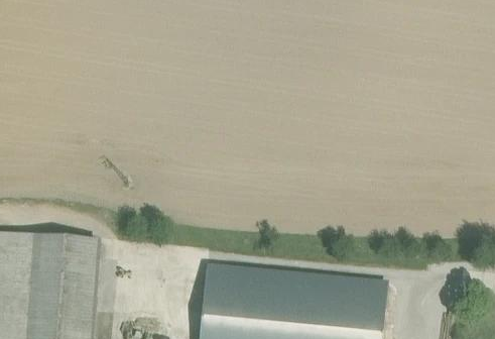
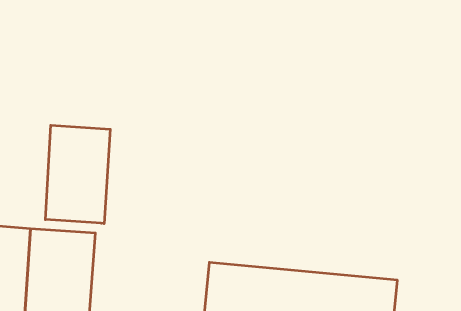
building: none -> [45,125,110,224]

